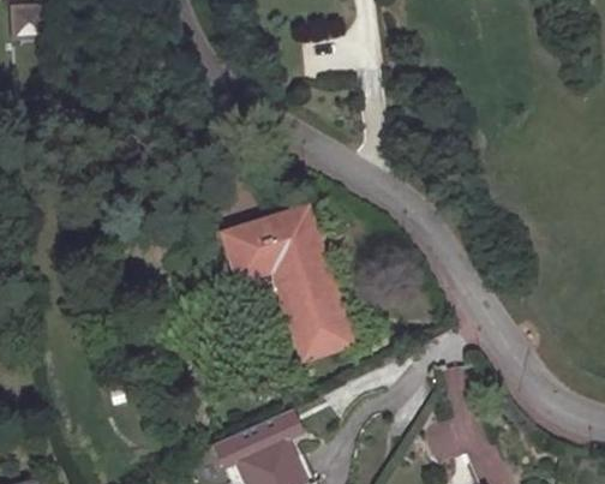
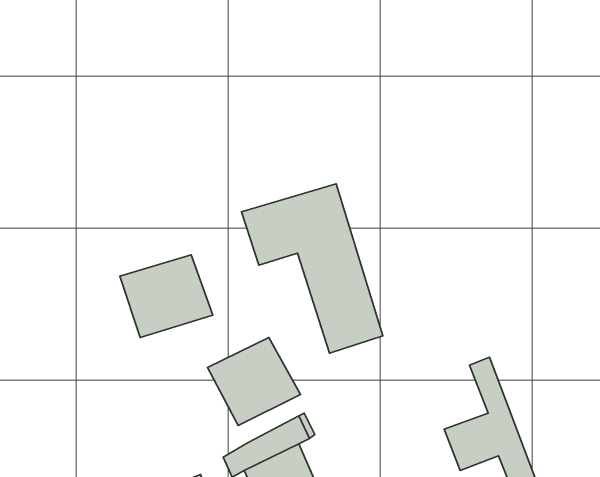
building: none -> [120,255,213,337]
building: none -> [208,338,300,426]

